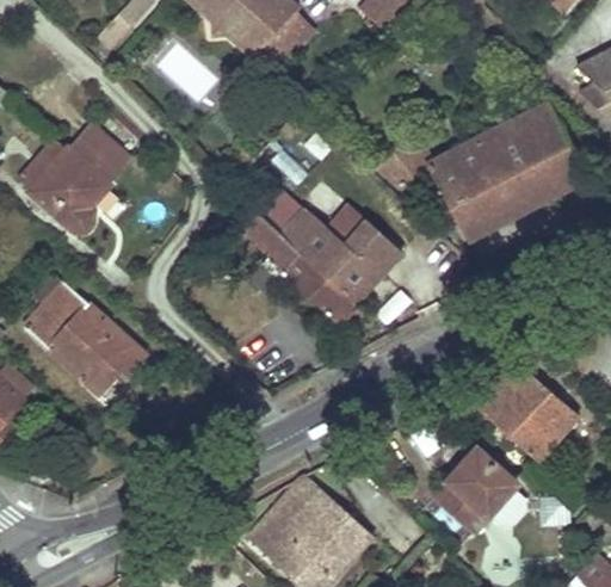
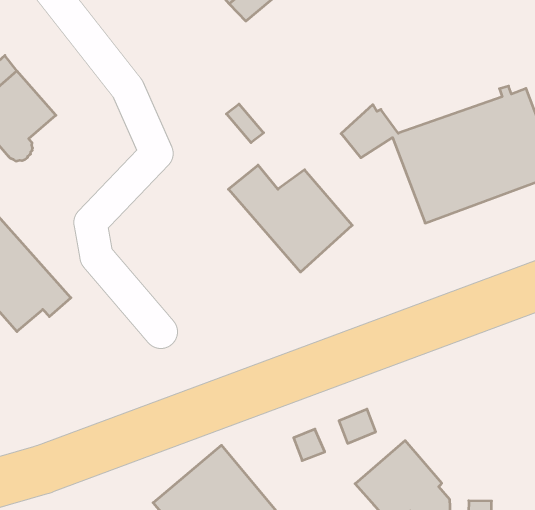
building: [68,121,132,184] -> none
building: [242,212,358,326] -> none
building: [462,362,576,458] -> none

